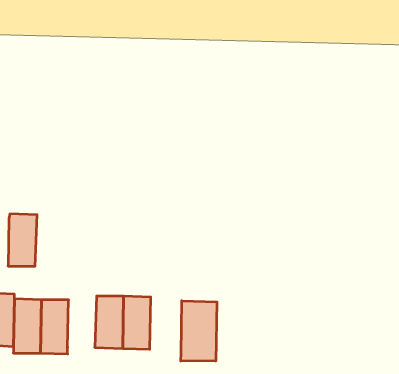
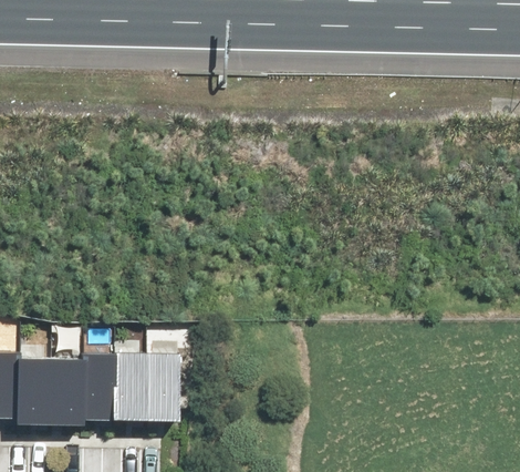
building: [8,214,37,266] -> [82,355,116,417]
building: [181,301,217,361] -> none

